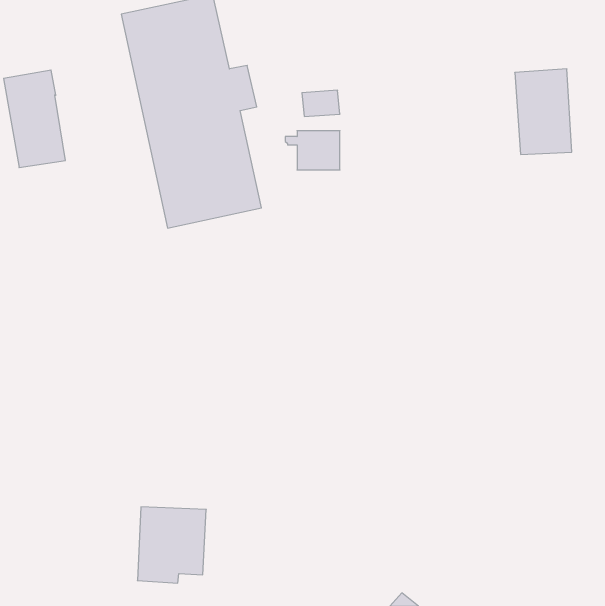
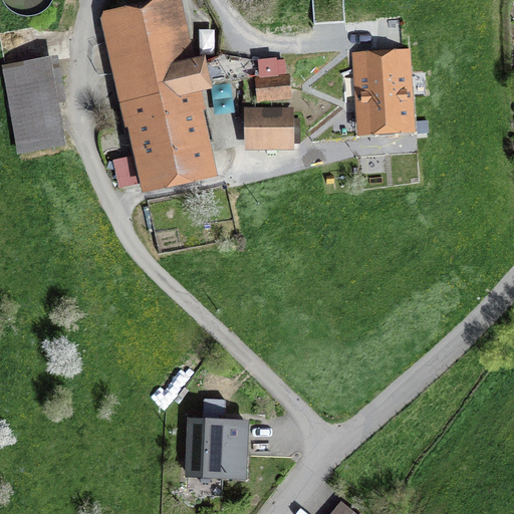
building: [515,69,572,154] -> [357,55,406,127]
building: [137,507,206,583] -> [186,420,244,484]

